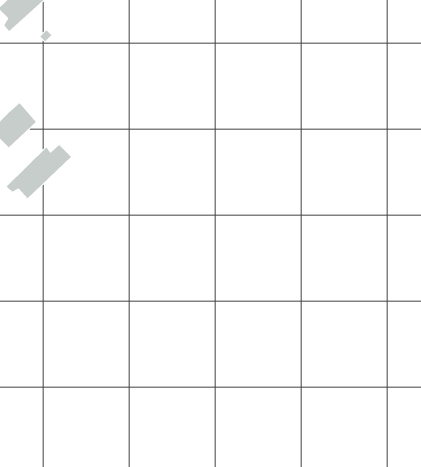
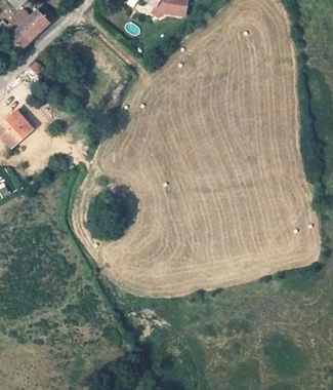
building: [6,144,72,199] -> none

